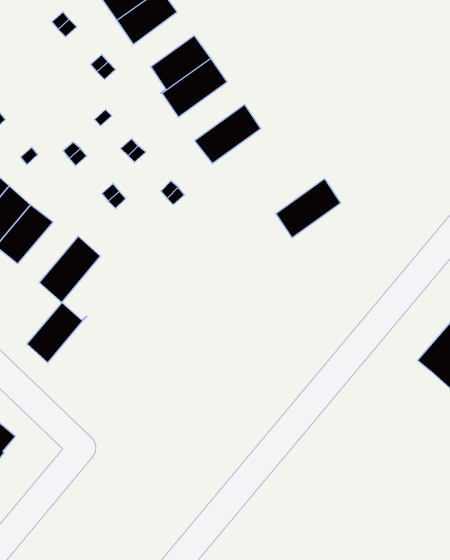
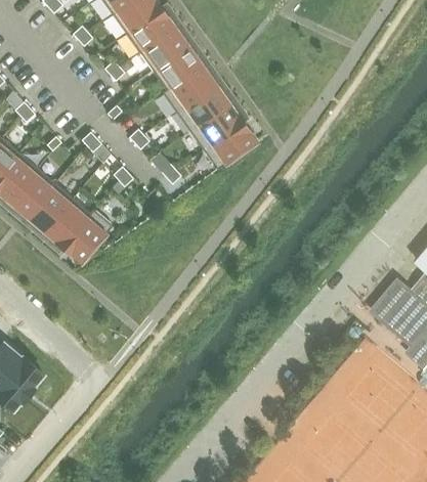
building: none -> [138,26,188,71]
building: none -> [175,83,229,131]
building: [276,179,341,238] -> [203,121,256,169]
building: [27,303,87,363] -> [44,198,93,247]

